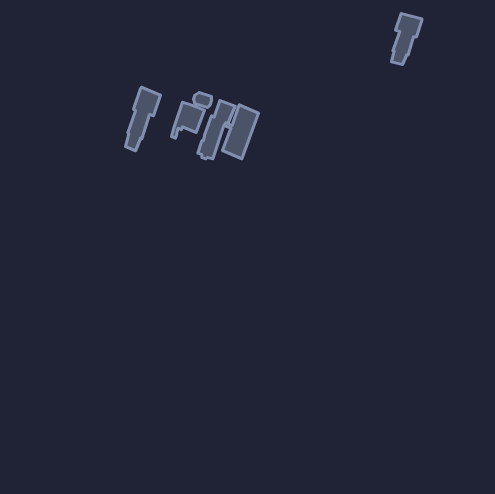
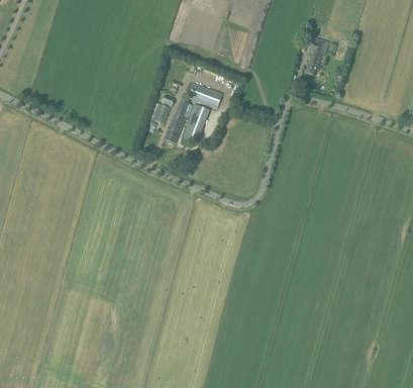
building: none -> [186,82,223,107]
building: [126,87,160,151] -> none

